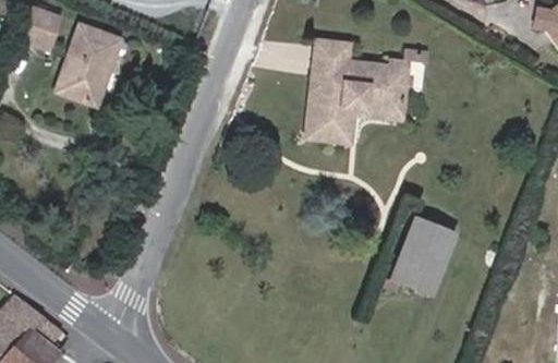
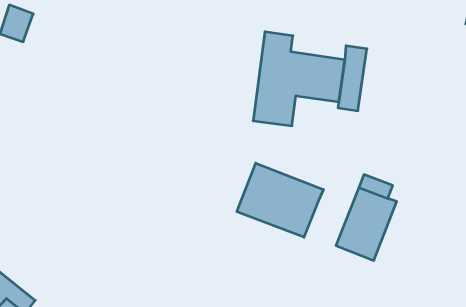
building: [57,25,120,107] -> none
building: none -> [237,163,323,237]

